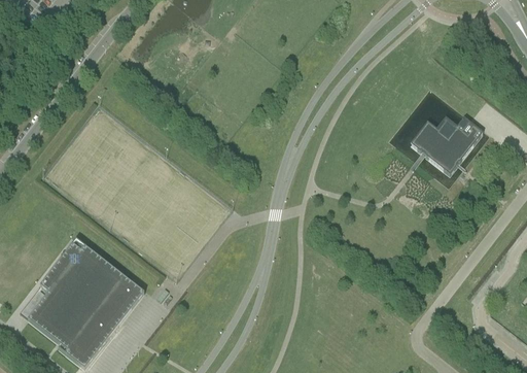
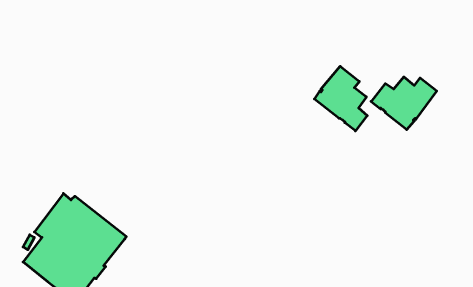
building: none -> [314,66,367,131]

